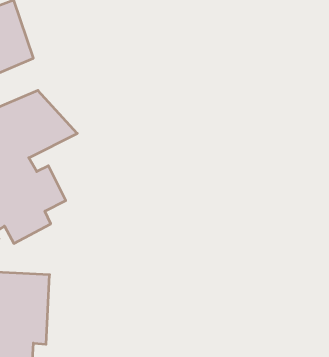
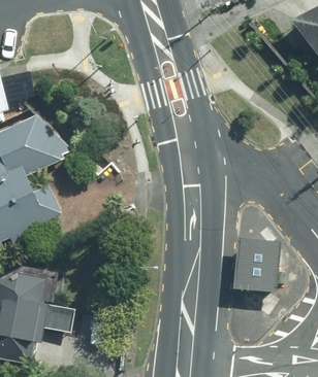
building: none -> [236,240,284,296]

